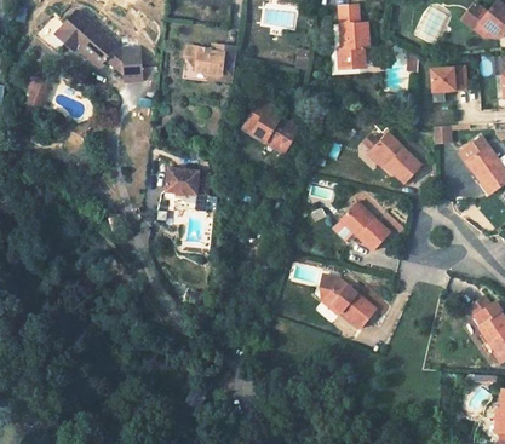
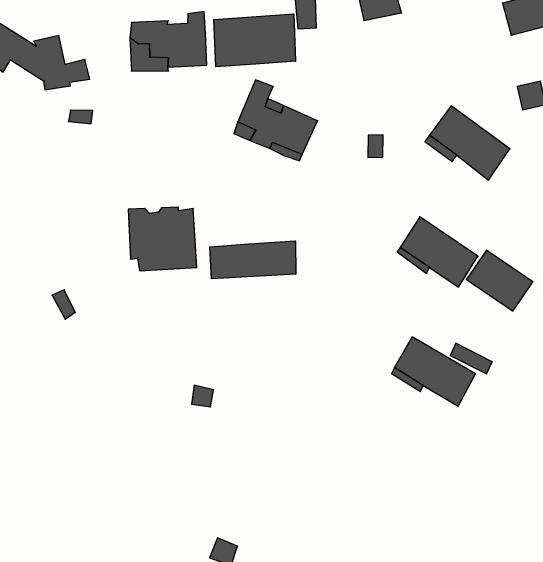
building: none -> [214,14,296,67]
building: none -> [210,241,296,279]
building: none -> [466,250,533,311]

